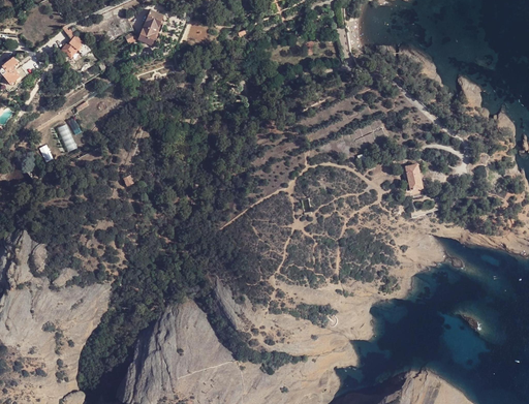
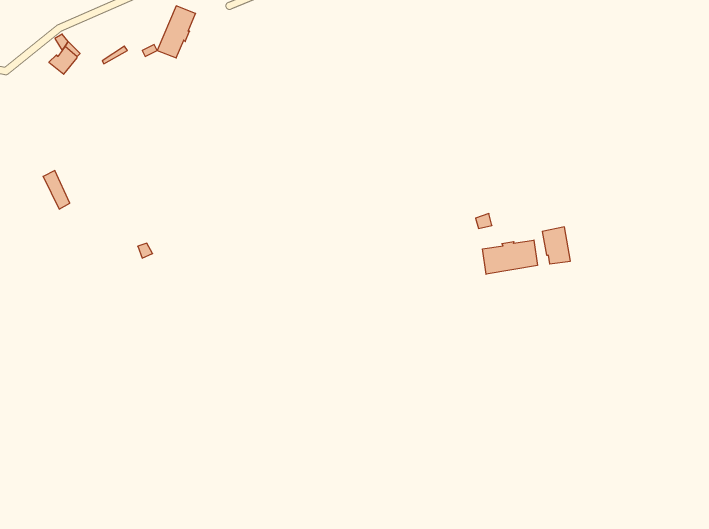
building: none -> [483,240,537,274]

